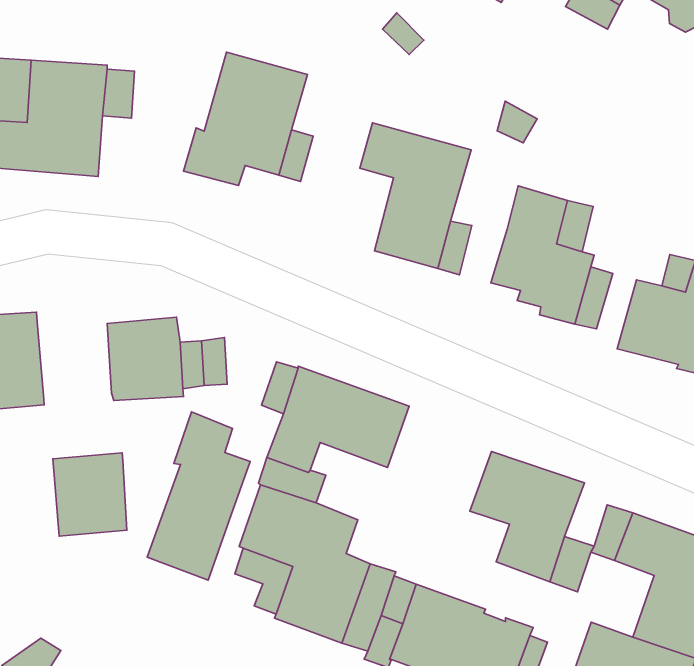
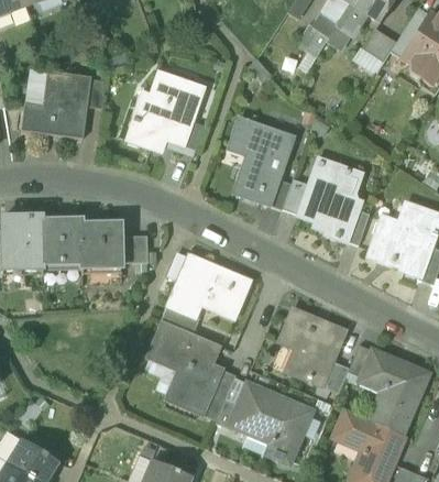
building: none -> [283,177,311,213]
building: [147,412,250,580] -> none
building: [53,453,127,536] -> [42,219,81,264]

